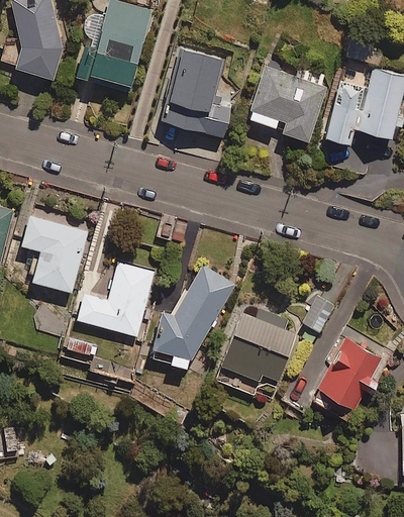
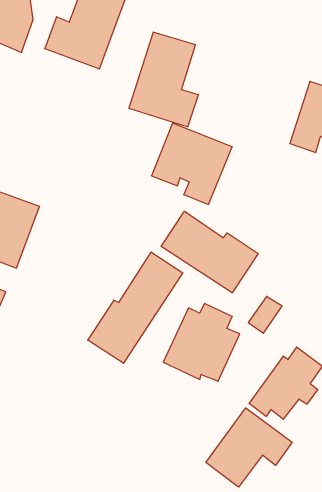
building: [249,68,325,143] -> [151,123,232,204]
building: none -> [161,211,258,293]
building: [77,258,152,335] -> none
building: none -> [206,408,292,487]

